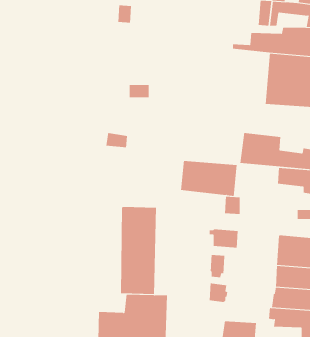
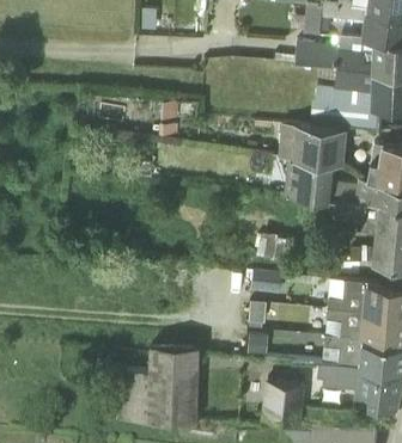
building: [180,161,237,196] -> [279,123,346,165]
building: [121,206,157,295] -> none

